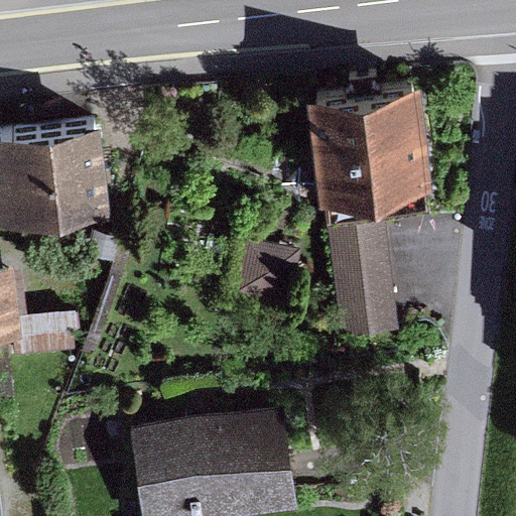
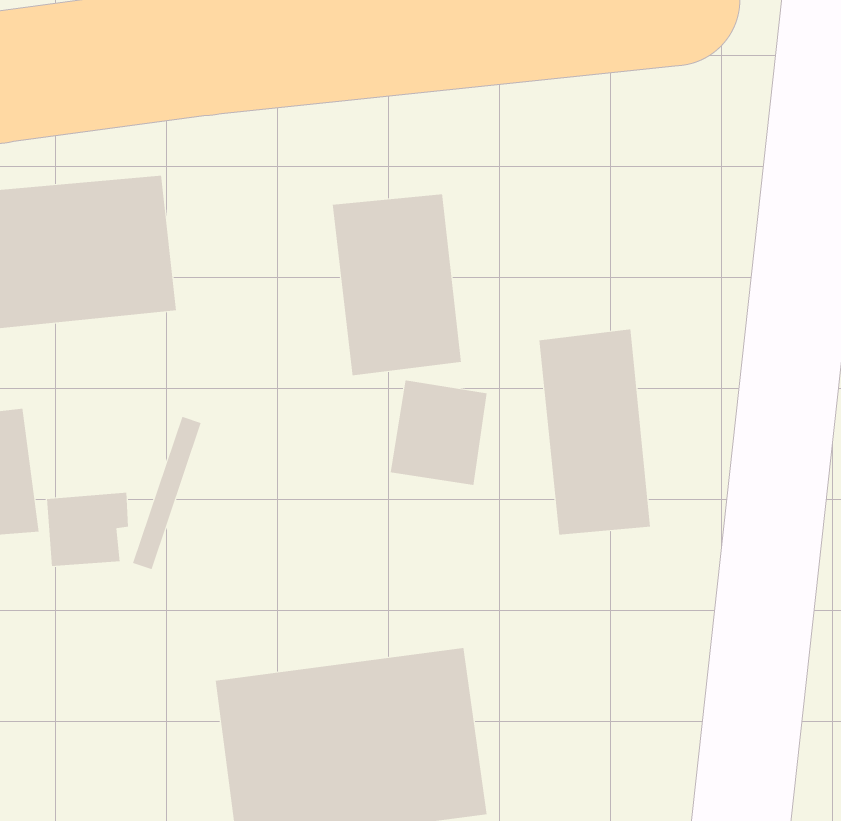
building: [306,80,424,222] -> none
building: none -> [332,194,462,376]

